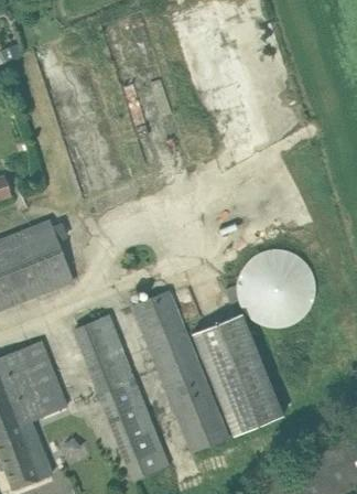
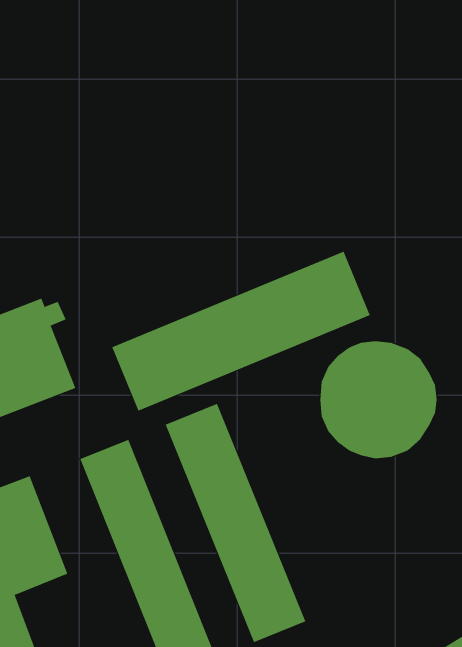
building: none -> [111,251,370,411]
building: [191,313,283,436] -> none

